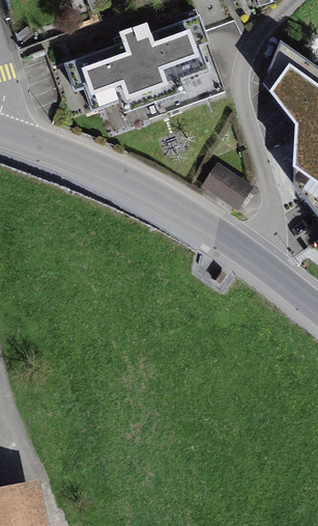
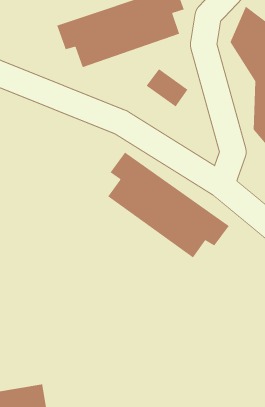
building: [208,162,258,207] -> [146,68,188,107]
building: none -> [107,152,230,258]

